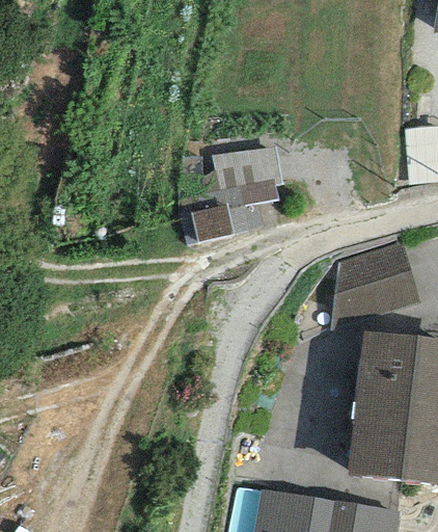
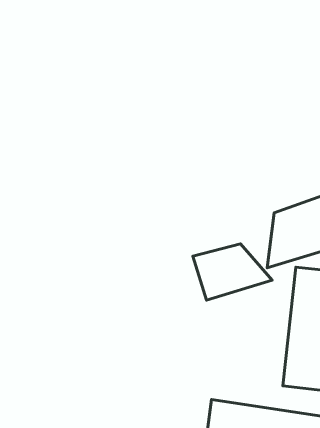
building: [214,145,275,223] -> none
building: none -> [193,244,272,300]

